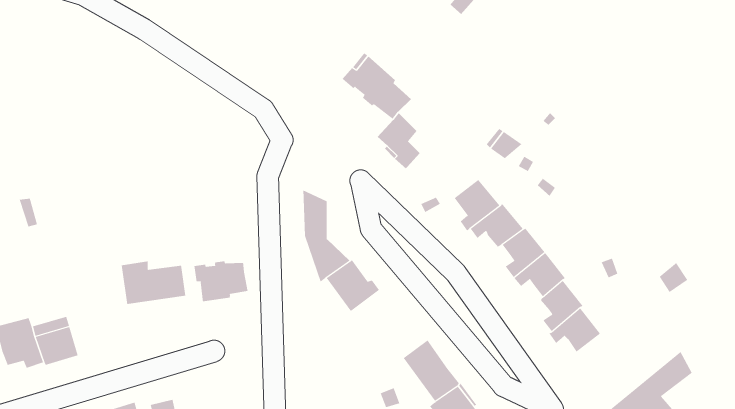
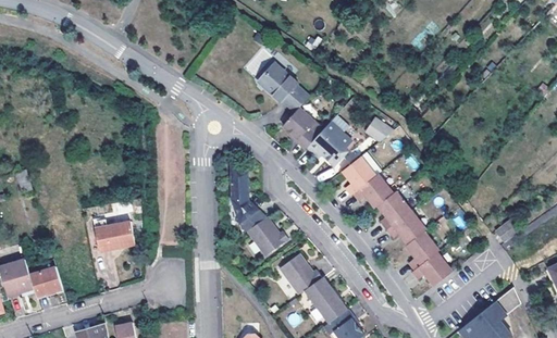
building: none -> [307,115,351,167]
building: [194,261,248,302] -> none
building: none -> [278,255,321,296]

